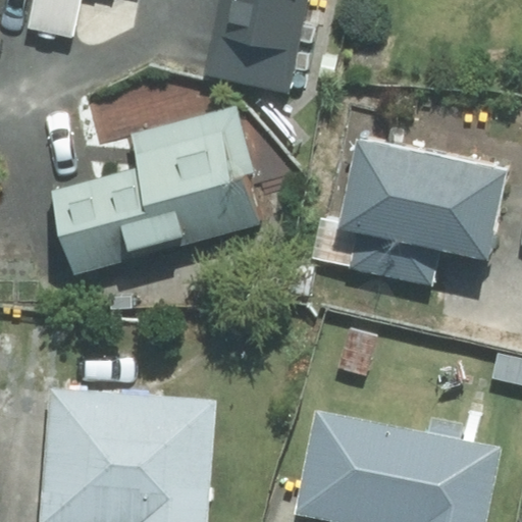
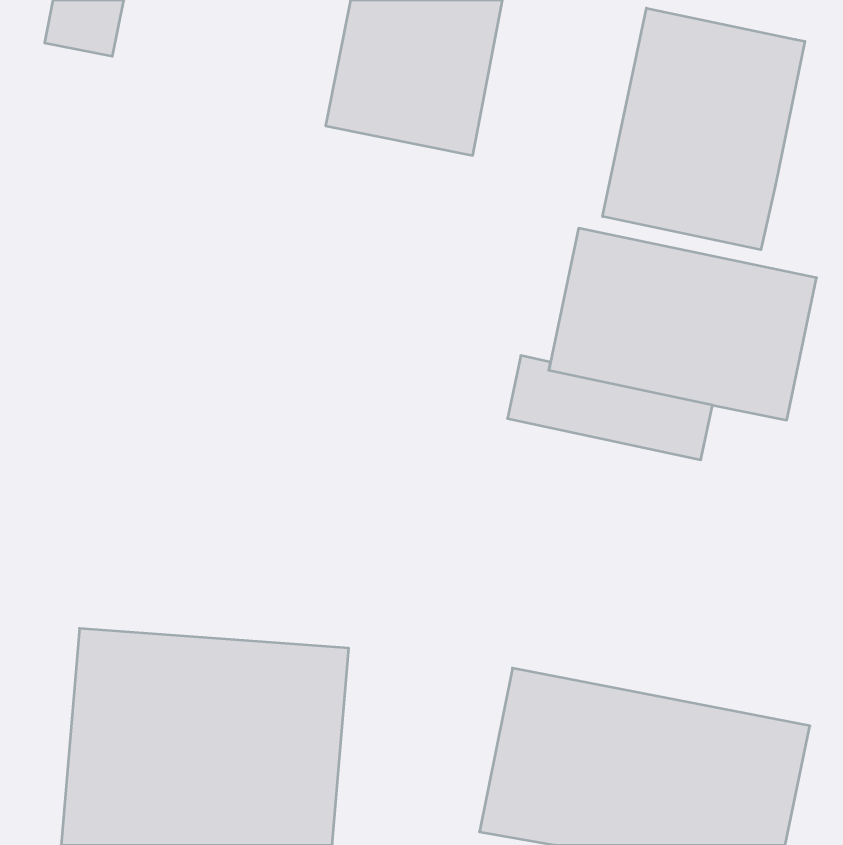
building: none -> [603,8,805,250]
building: [55,103,255,273] -> none

